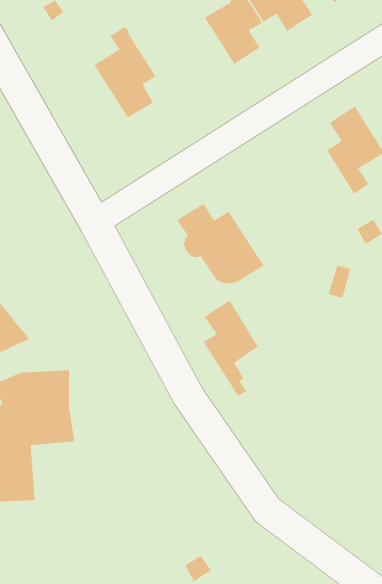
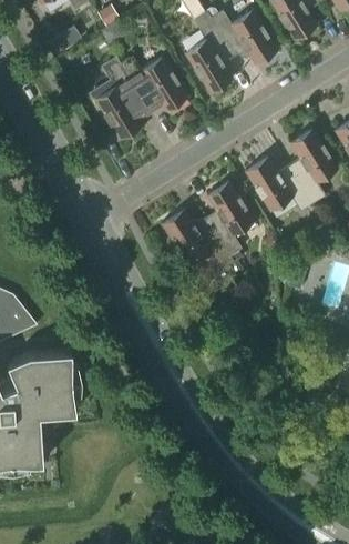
building: none -> [122,58,188,110]
building: none -> [245,155,311,210]
building: [202,300,259,397] -> [206,180,254,262]

